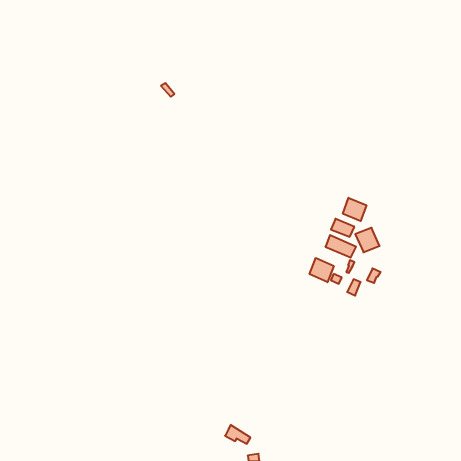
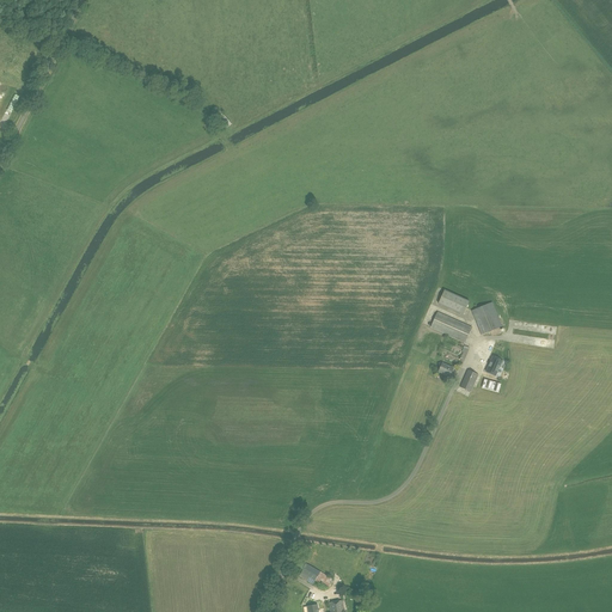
building: [343,198,366,221] -> none
building: [310,258,334,282] -> none

